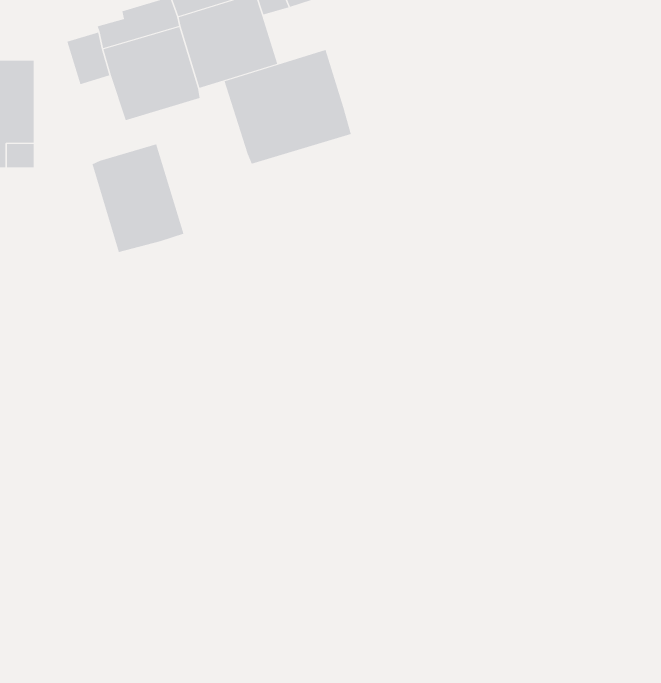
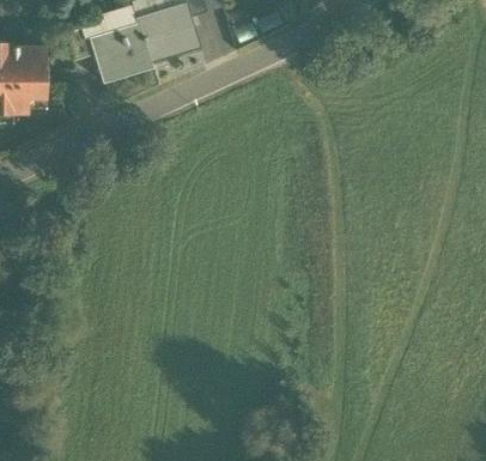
building: [224,49,352,165] -> none
building: [92,143,184,253] -> none

